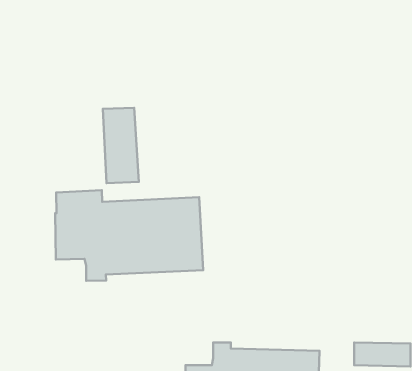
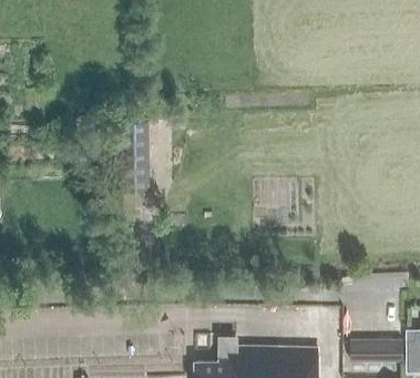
building: [55,190,203,281] -> none

